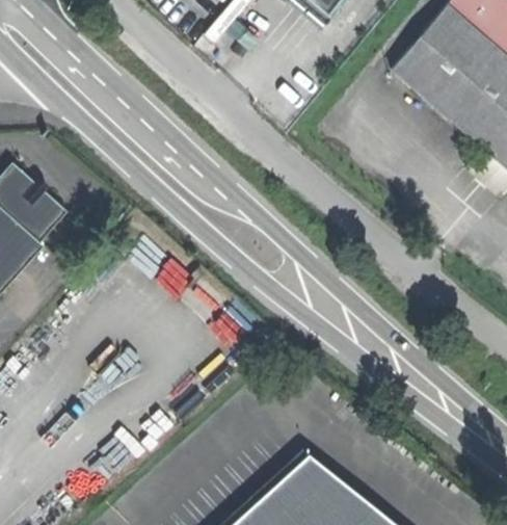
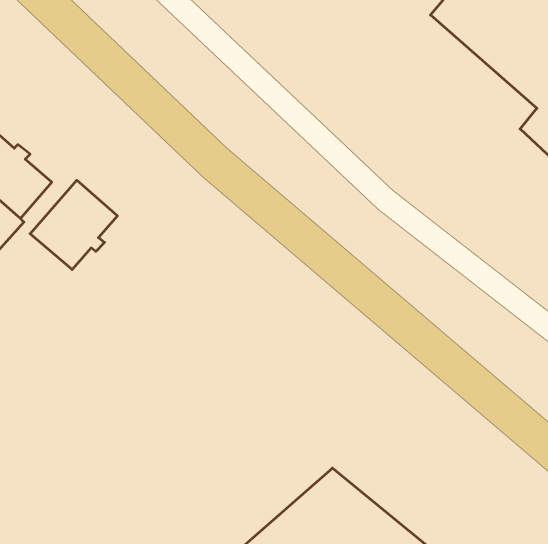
building: none -> [30,180,117,270]

